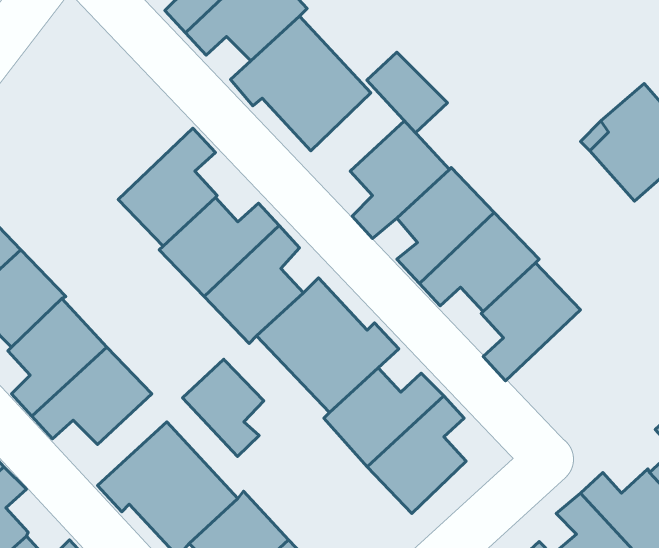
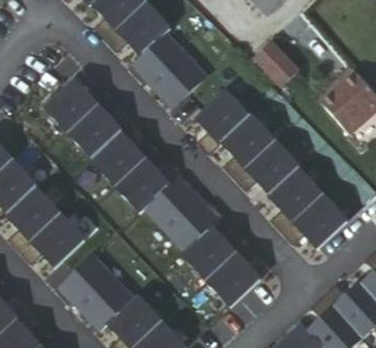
building: [367,52,447,133] -> [253,46,298,91]
building: none -> [42,78,108,133]
building: none -> [280,194,345,249]
building: [182,359,264,456] -> none

